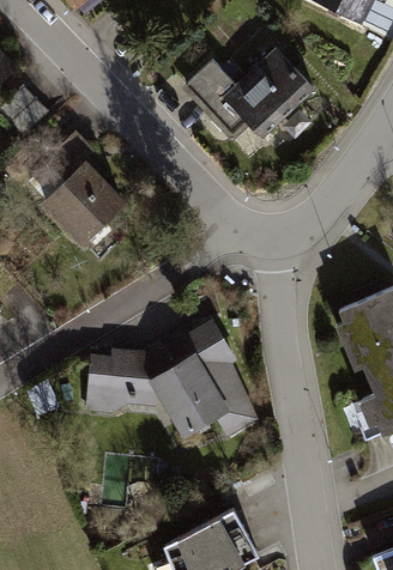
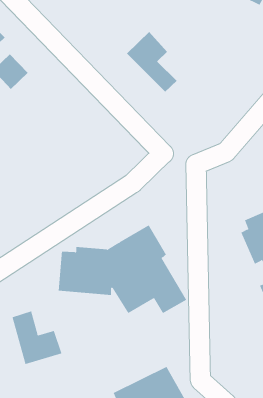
building: [223,46,318,139] -> none
building: [42,132,125,242] -> none
building: none -> [12,311,62,365]

